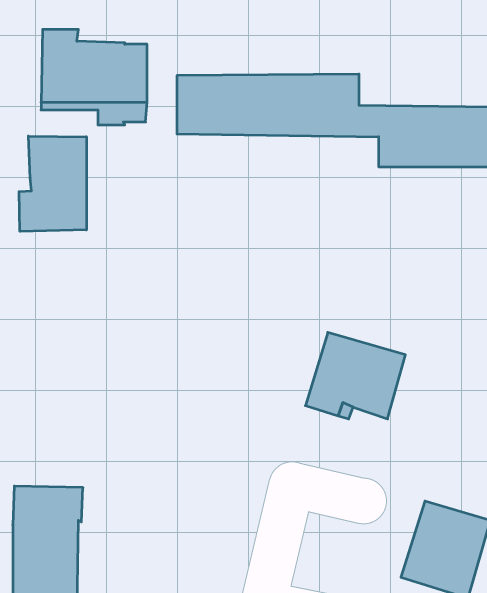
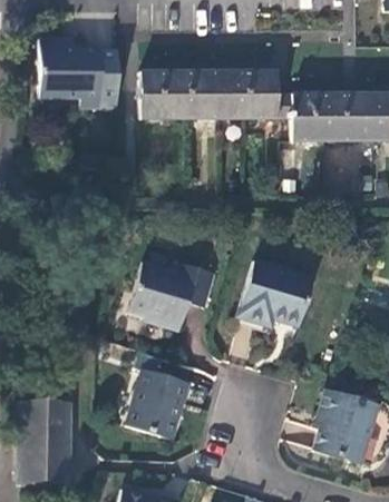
building: [19,136,86,231] -> none
building: none -> [129,264,215,329]
building: none -> [127,368,188,439]

